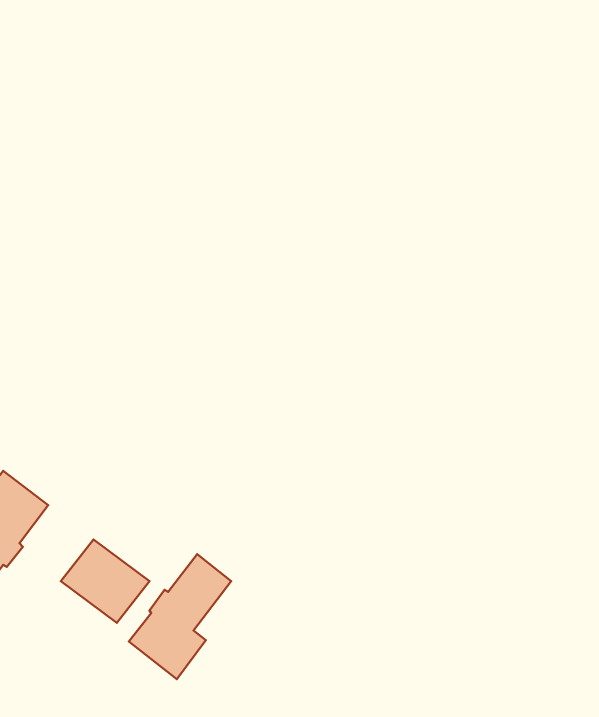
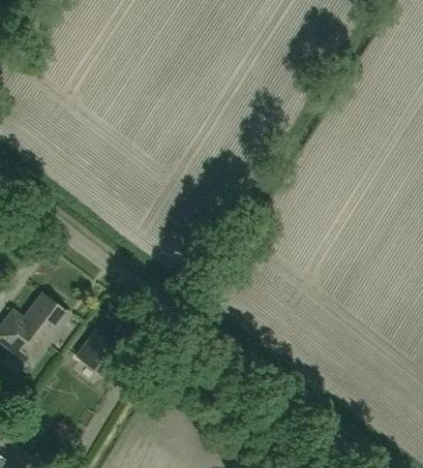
building: [129,554,231,679] -> none

